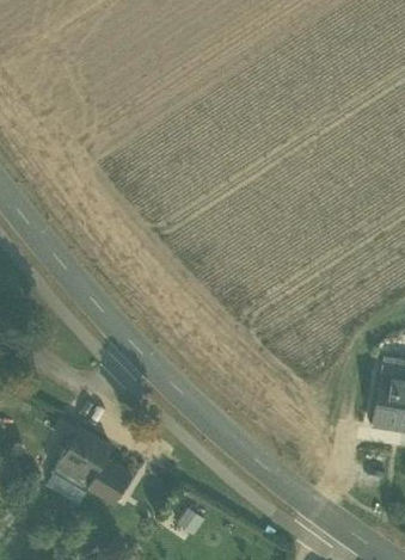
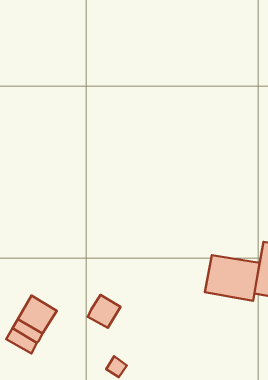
building: none -> [205,255,259,301]
building: [87,460,130,503] -> [88,295,120,328]

